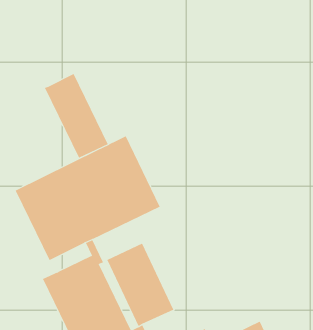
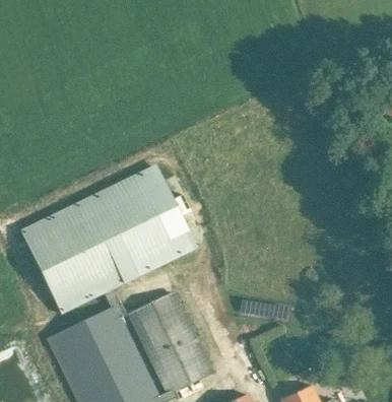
building: [44,73,108,159] -> none

